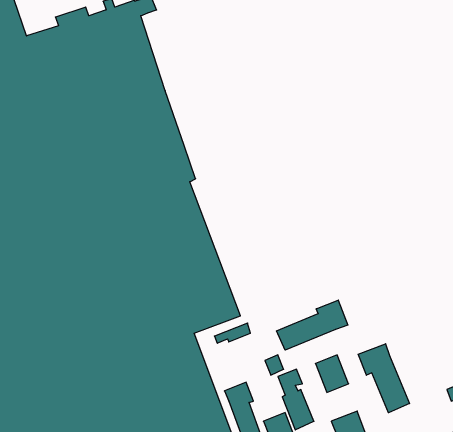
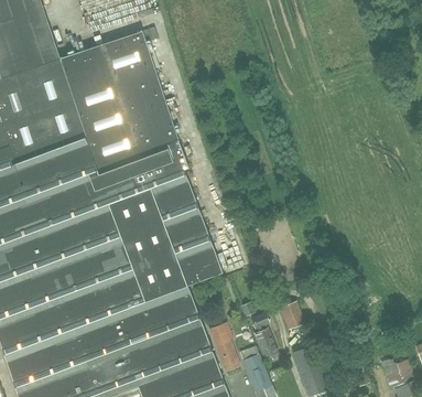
building: [277,300,348,350] -> none
building: [358,344,409,413] -> none

